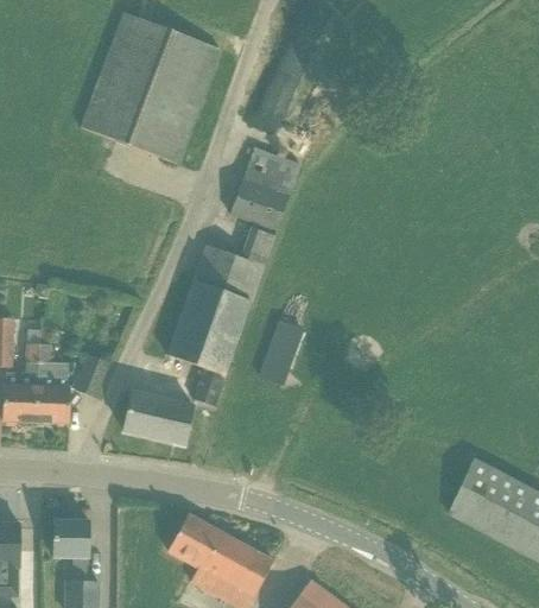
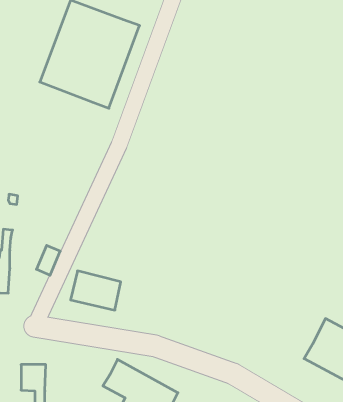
building: [229,147,299,230] -> none
building: [166,227,273,406] -> none
building: [259,319,303,384] -> none
building: [36,332,70,422] -> none

